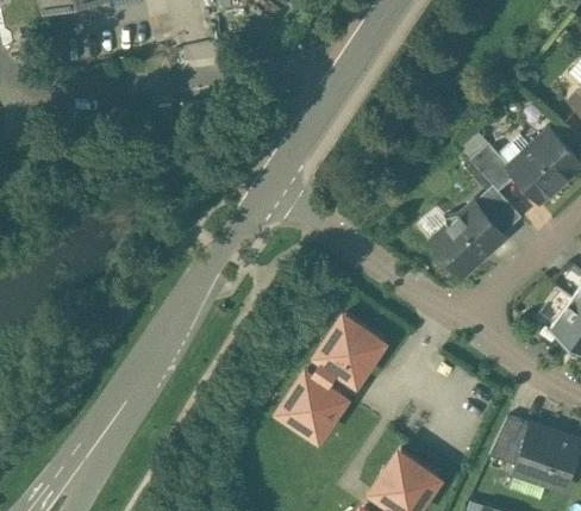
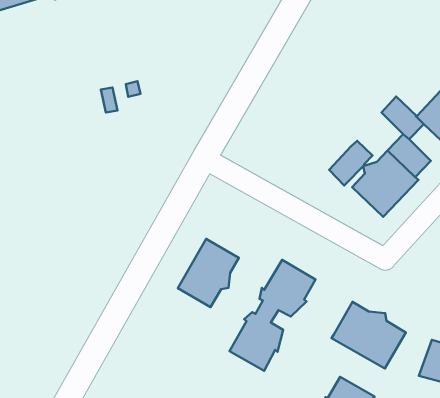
building: none -> [329,141,372,185]
building: none -> [178,239,239,307]
building: none -> [332,302,406,369]

